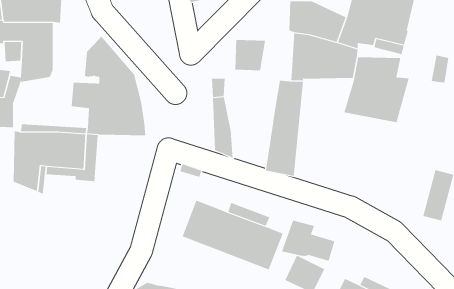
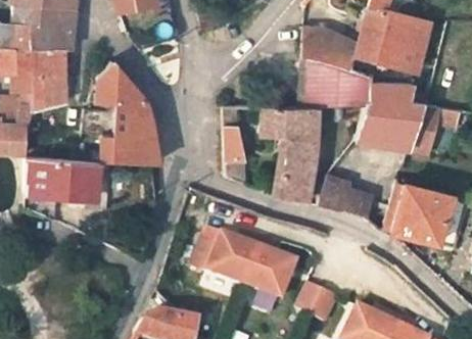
building: [234,39,266,71] -> [261,105,292,137]
building: none -> [411,104,442,153]
building: none -> [391,185,449,243]
building: [281,220,335,262] -> [318,174,372,215]

